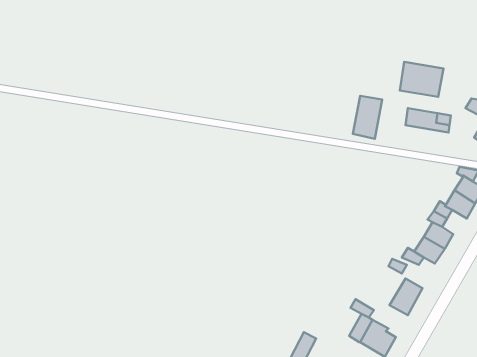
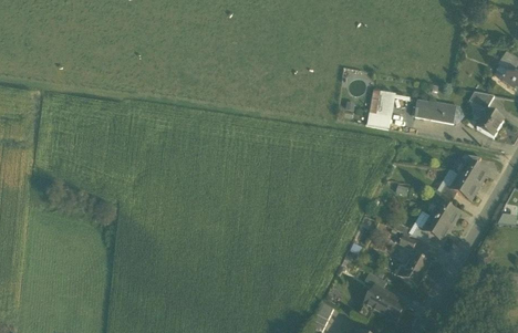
building: [400,62,443,97] -> none

